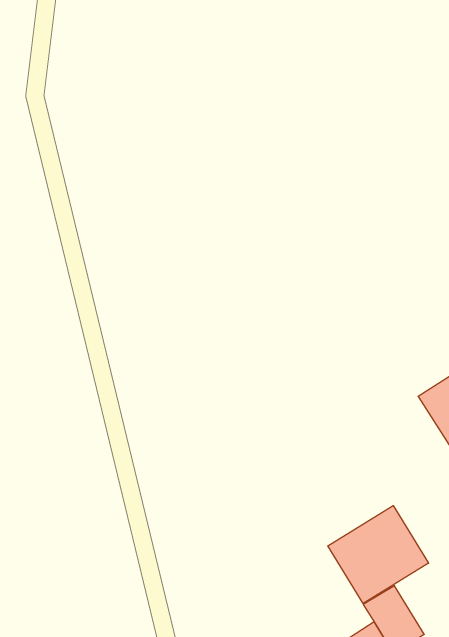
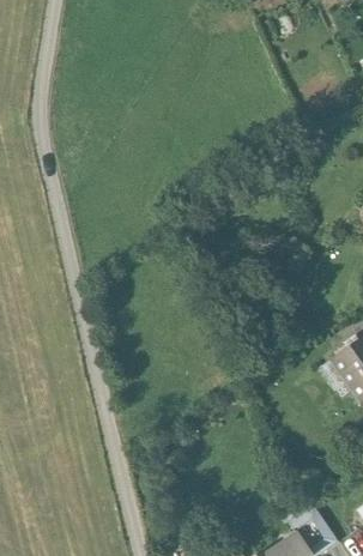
building: [328,506,429,603] -> none

